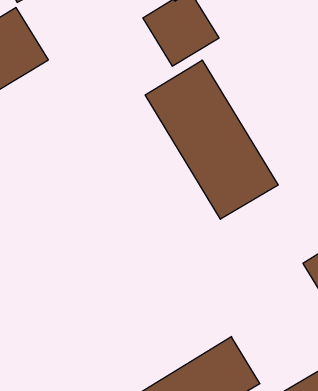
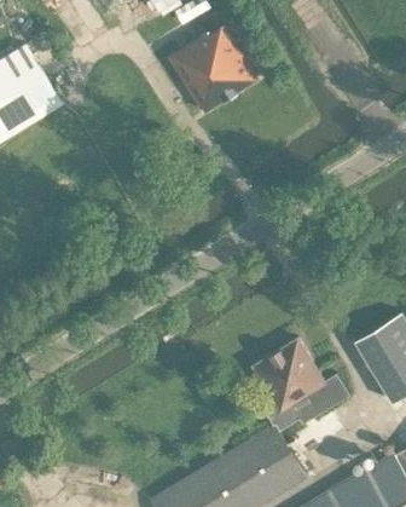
building: [145,60,278,219] -> none
building: none -> [253,340,349,433]

